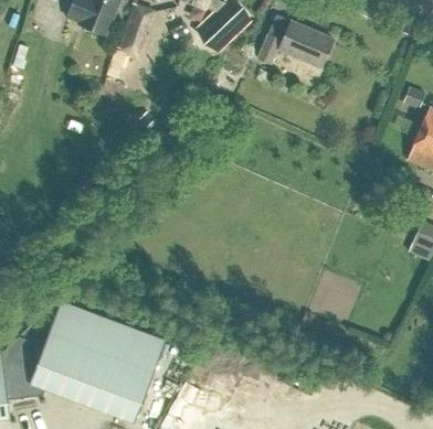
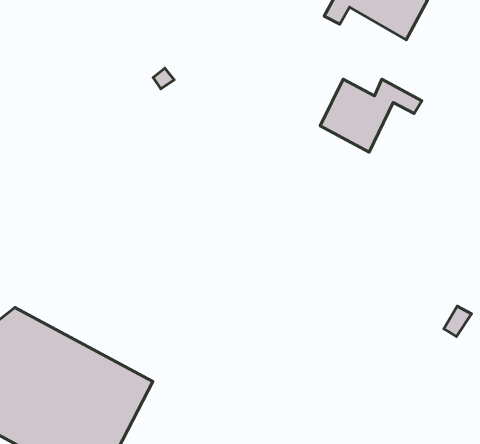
building: none -> [320,79,422,152]

